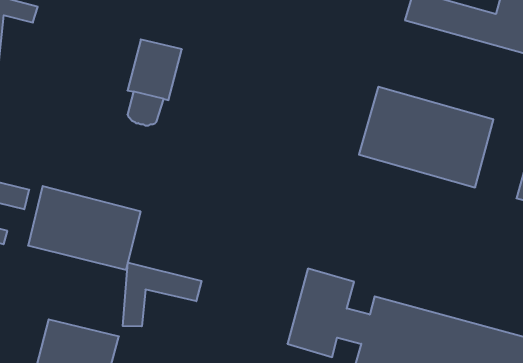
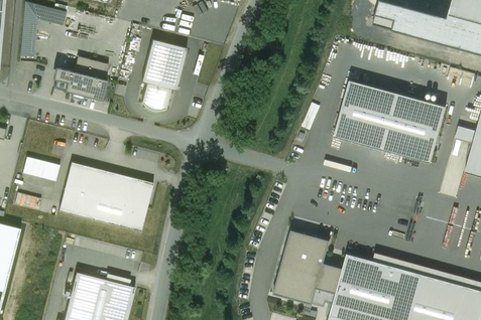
building: none -> [52,56,108,100]
building: [123,263,202,326] -> none

